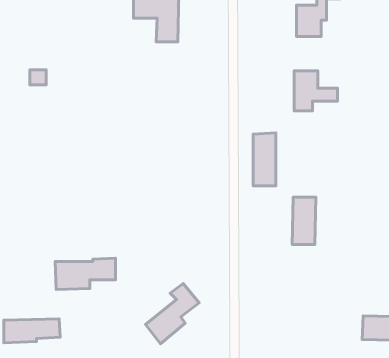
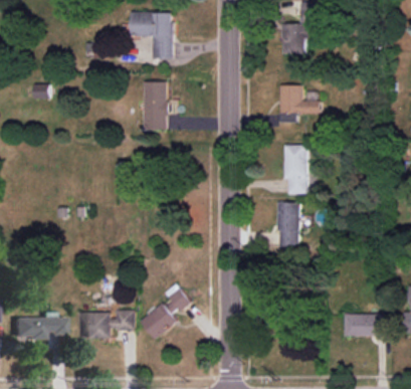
building: none -> [143,81,168,131]
building: [253,133,276,186] -> [285,145,306,194]
building: [55,258,116,289] -> [78,310,135,339]

